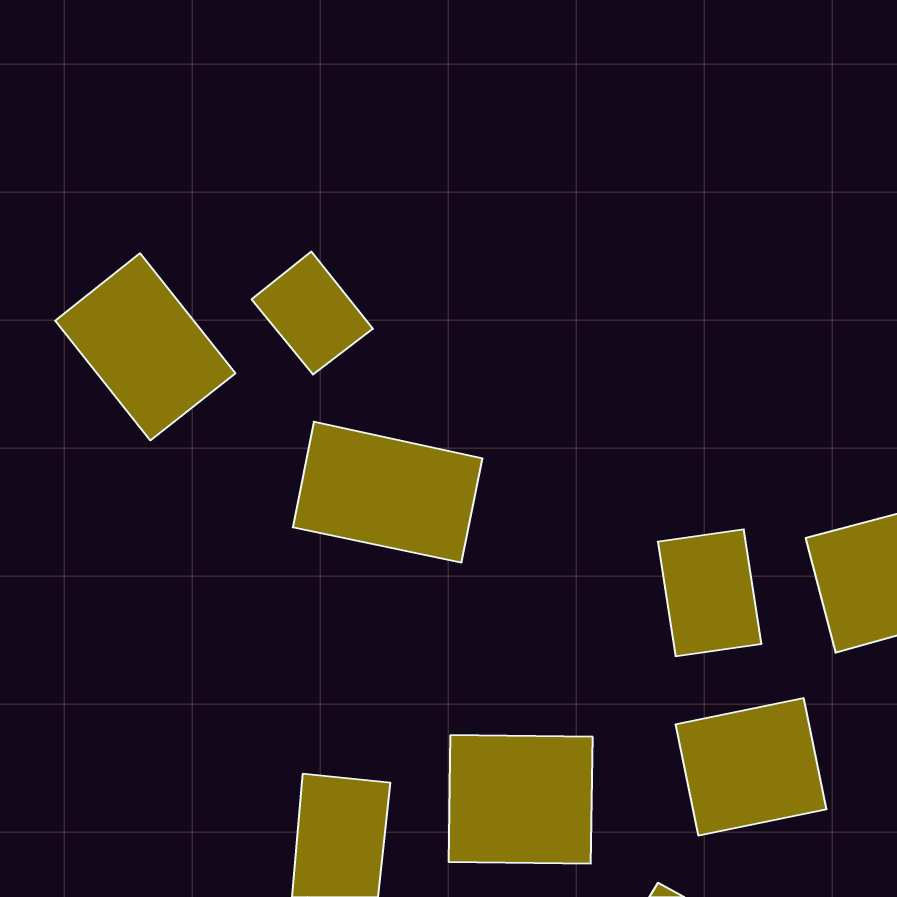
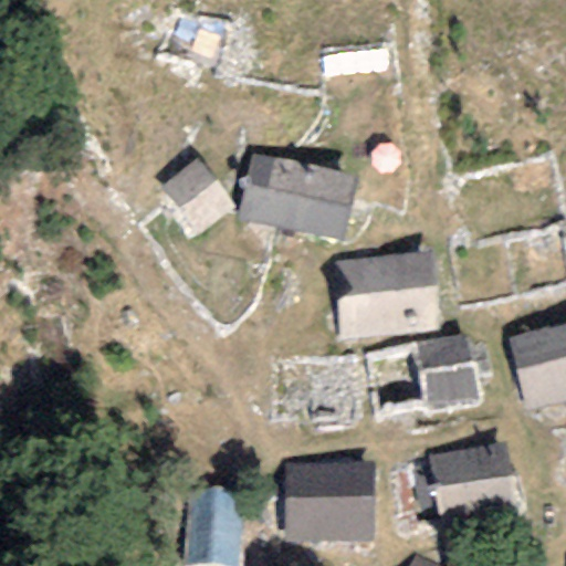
building: [55,253,235,440] -> none
building: none -> [331,251,440,338]
building: [293,422,483,562] -> [238,151,357,240]

